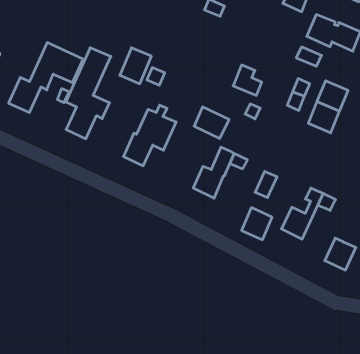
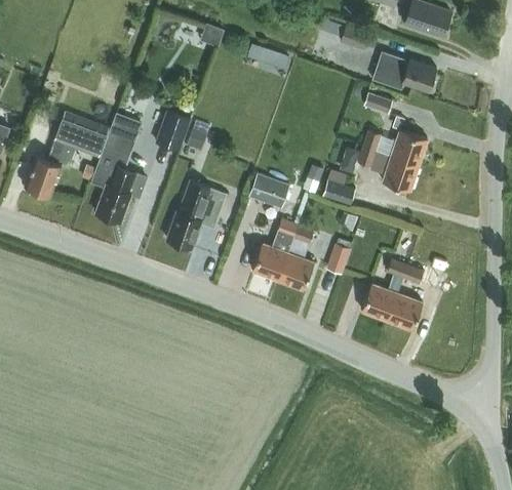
building: [233,65,262,95] -> [321,169,355,204]
building: [242,208,272,240] -> [278,252,313,289]
building: [325,238,356,270] -> [387,292,423,329]

